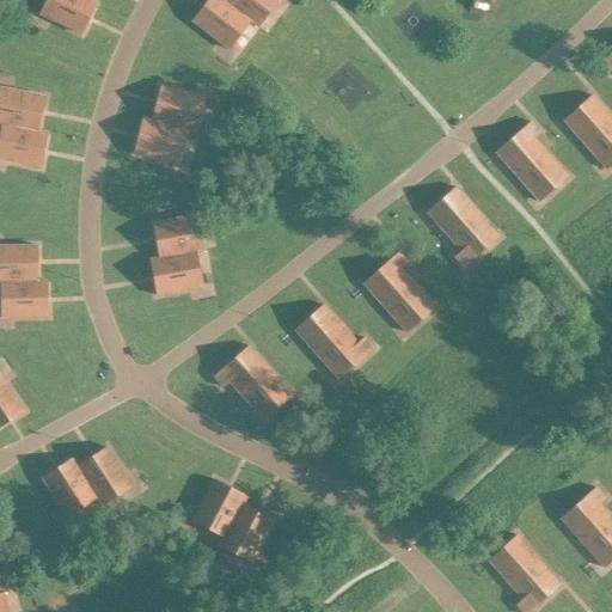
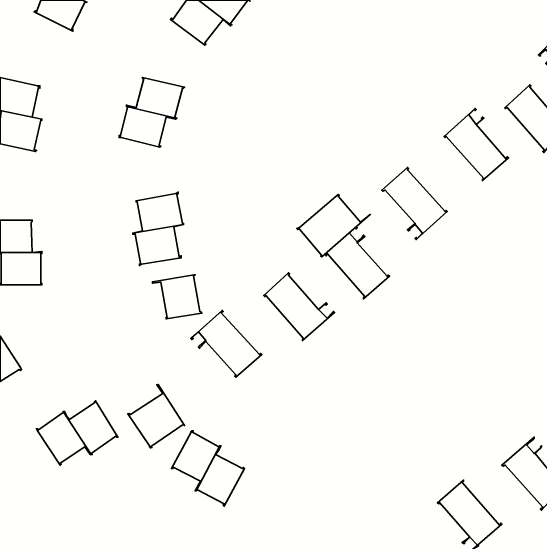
building: none -> [297,194,370,257]
building: none -> [153,275,202,319]
building: none -> [128,384,185,448]

